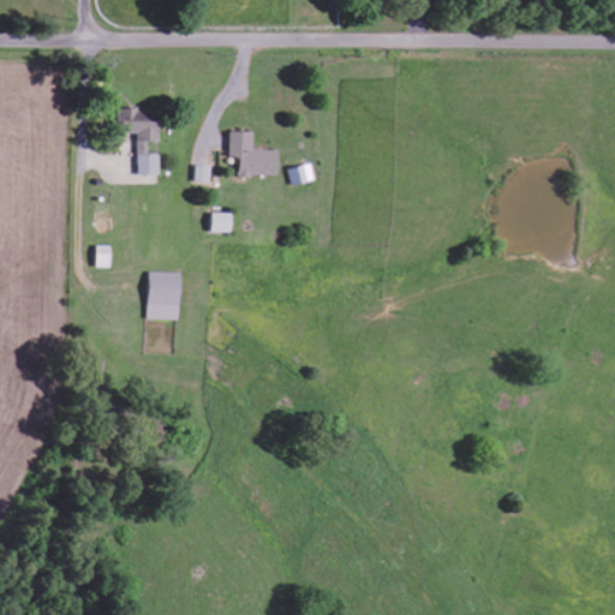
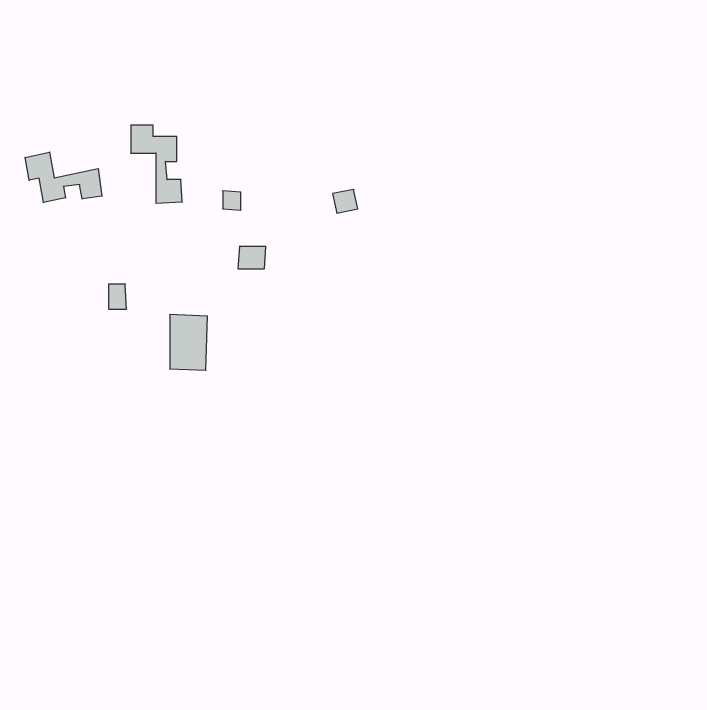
building: [228,131,275,175] -> none
building: none -> [25,152,102,203]

